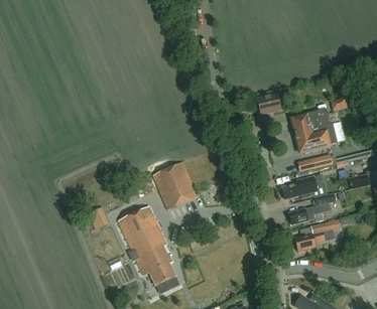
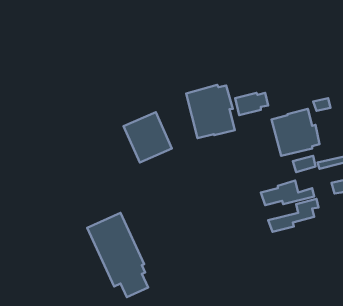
building: none -> [186,85,235,138]
building: [152,162,198,209] -> [124,112,172,162]
building: [294,219,342,252] -> none

